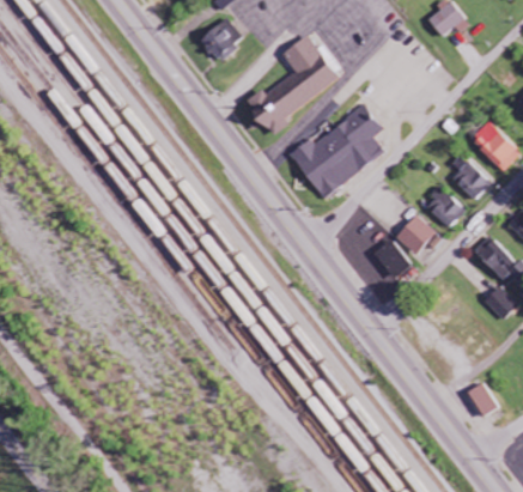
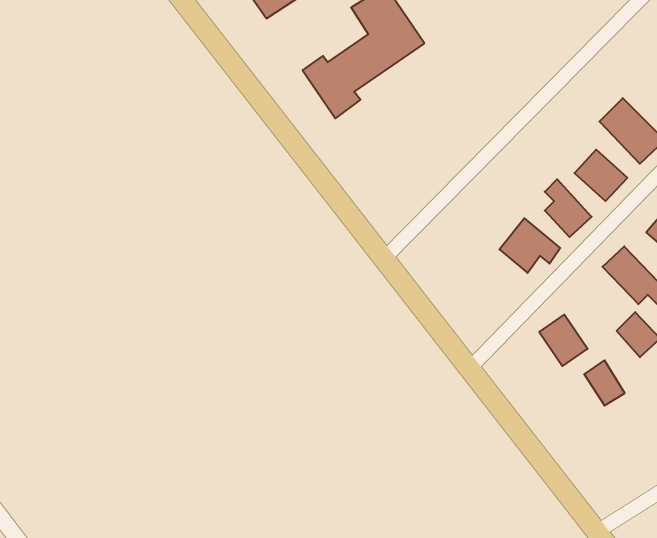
building: [290,105,387,198] -> none
building: [373,238,411,278] -> [539,315,588,366]
building: [467,381,498,415] -> [584,360,625,406]

